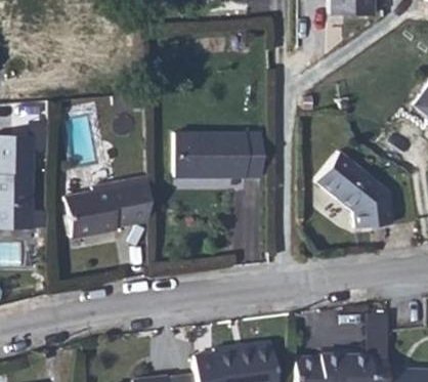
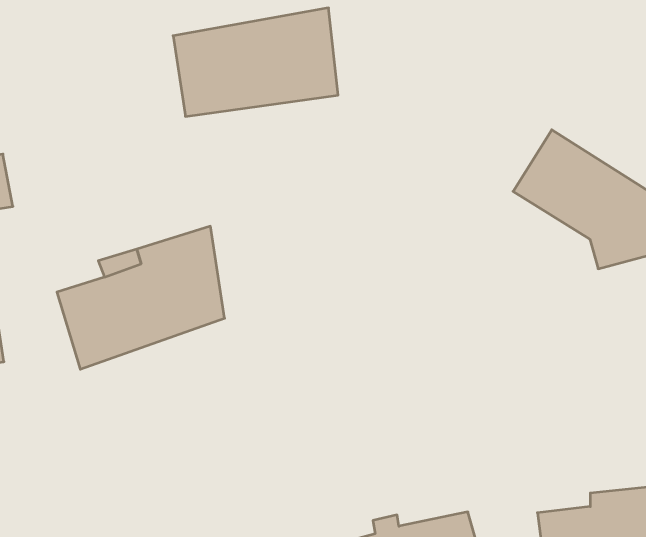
building: [174,131,259,178] -> [173,8,338,116]

